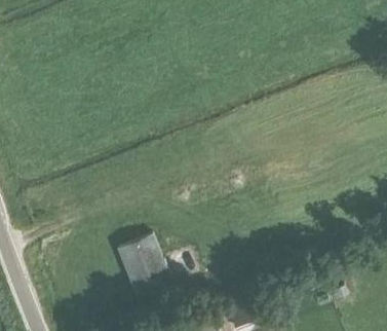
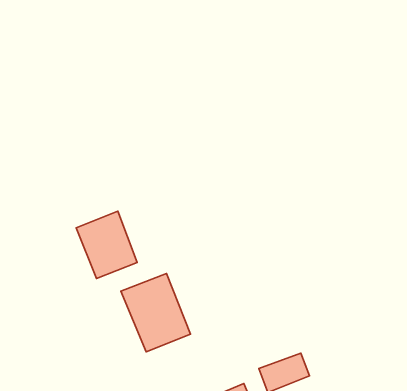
building: none -> [76,211,137,279]

